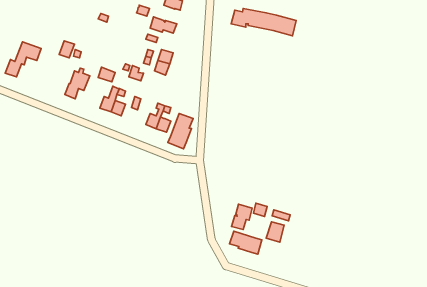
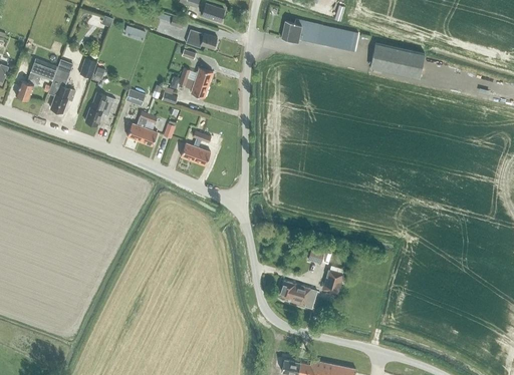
building: none -> [369,43,425,78]
building: none -> [48,59,74,112]
building: [168,113,193,149] -> none
building: [231,204,252,229] -> none

